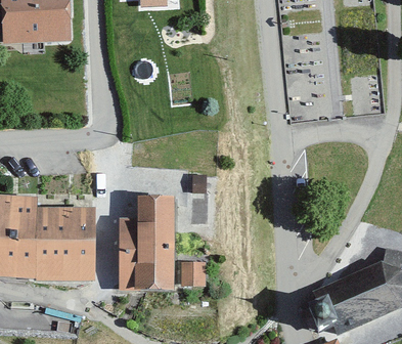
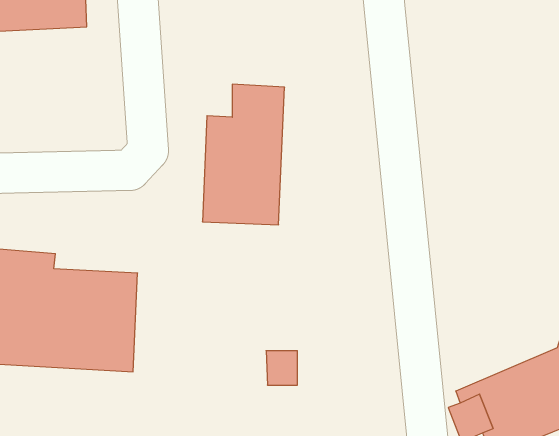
building: [121,195,177,291] -> [202,84,285,225]

